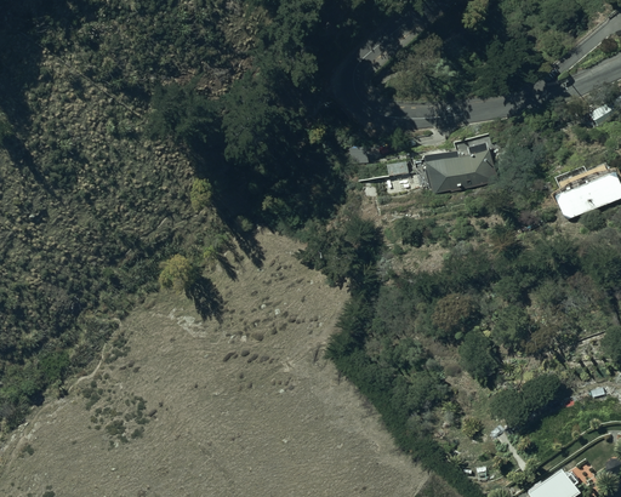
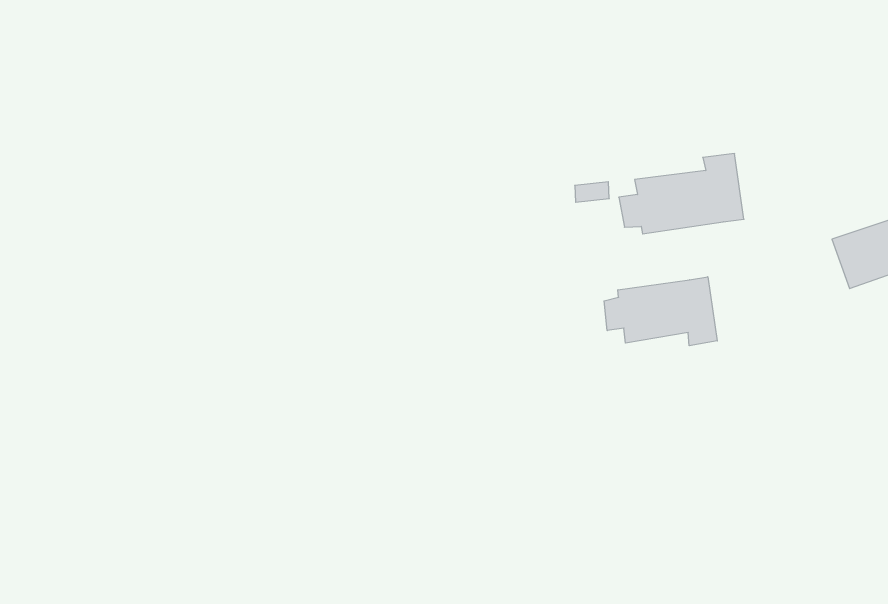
building: none -> [604,277,717,346]

